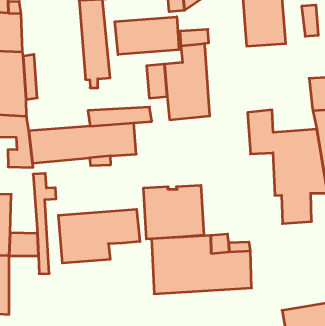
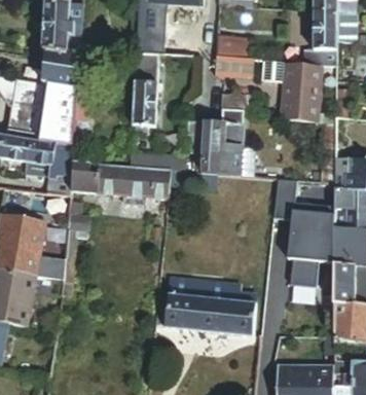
building: [115,17,179,55] -> none
building: [144,185,204,239] -> none
building: [58,209,140,263] -> none

